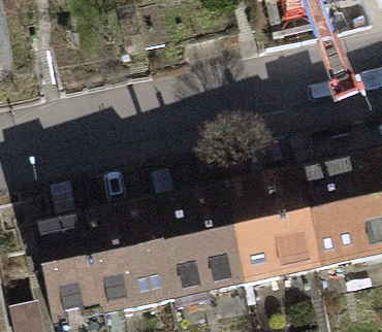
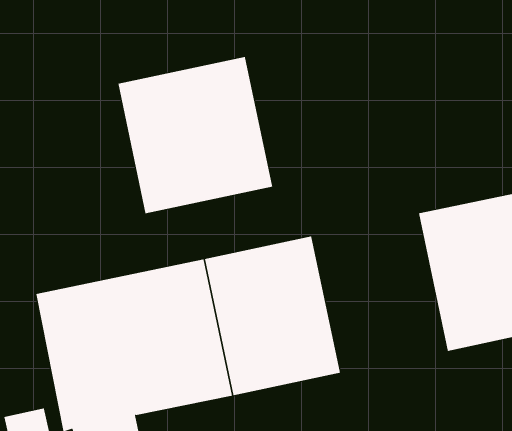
building: none -> [118,56,273,214]
building: [224,178,316,287] -> none

